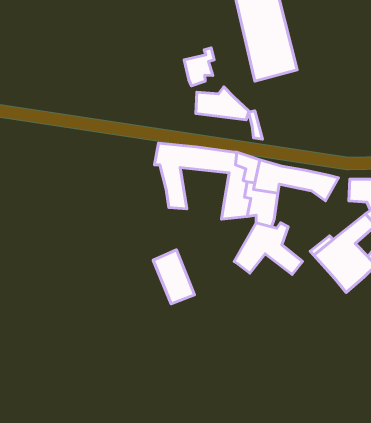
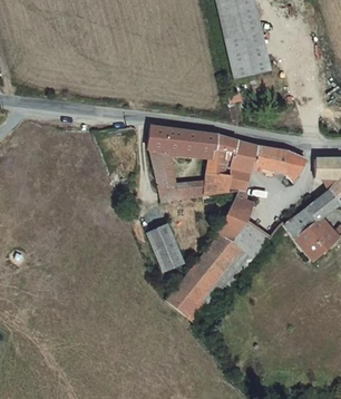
building: [184,48,214,86] -> none
building: [196,87,249,120] -> none
building: none -> [158,179,206,201]
building: none -> [167,224,265,320]

